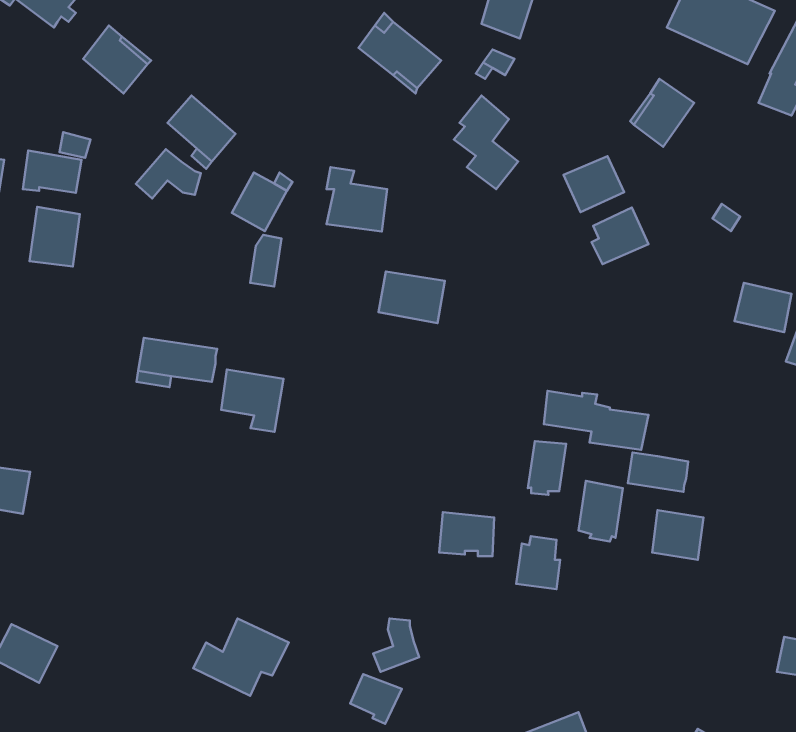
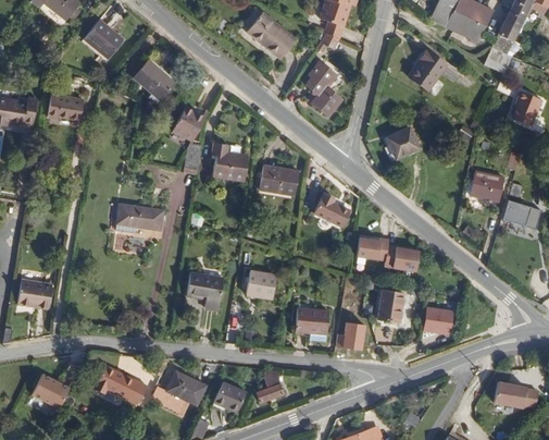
building: [136,149,201,198] -> none
building: [564,156,624,212] -> none
building: [327,167,387,231] -> [212,142,248,180]
building: [29,207,80,267] -> none
building: none -> [313,193,349,227]
building: [221,369,284,432] -> [186,271,223,308]
building: [528,441,566,495] -> none
building: none -> [246,270,276,297]
building: [628,453,688,492] -> none
building: none -> [93,364,146,403]
building: [350,674,402,724] -> [215,382,246,412]

